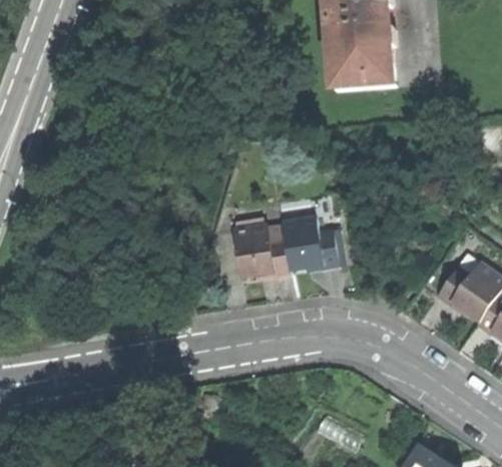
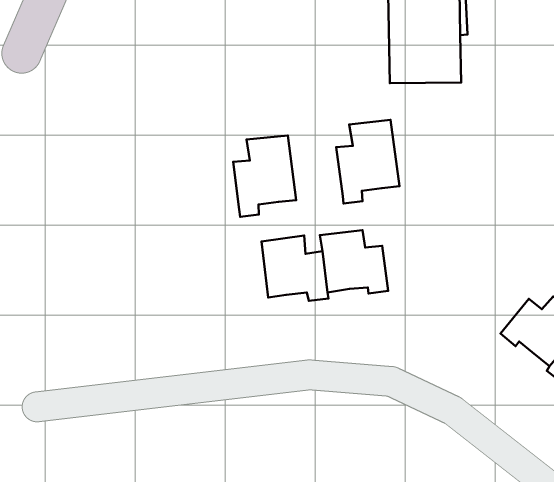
building: none -> [336,120,400,204]
building: none -> [233,135,296,217]

